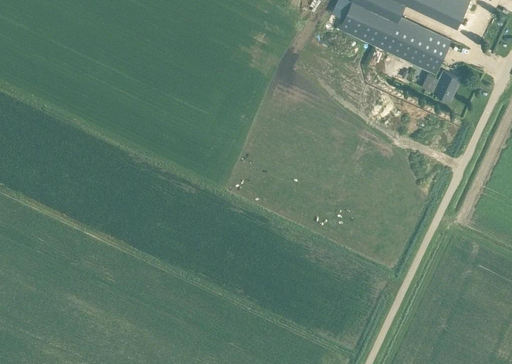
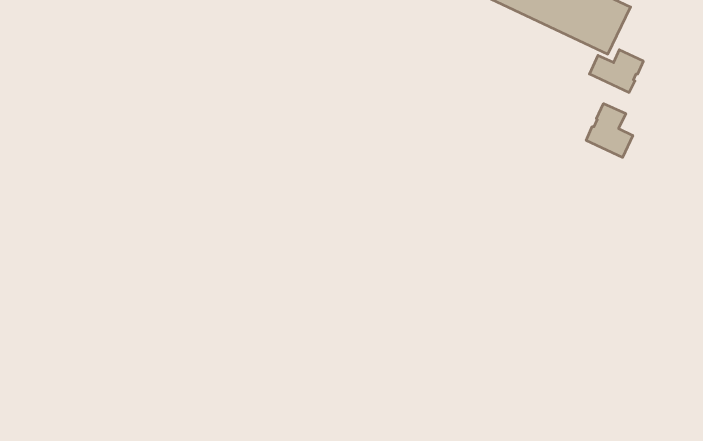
building: none -> [586,104,633,157]

